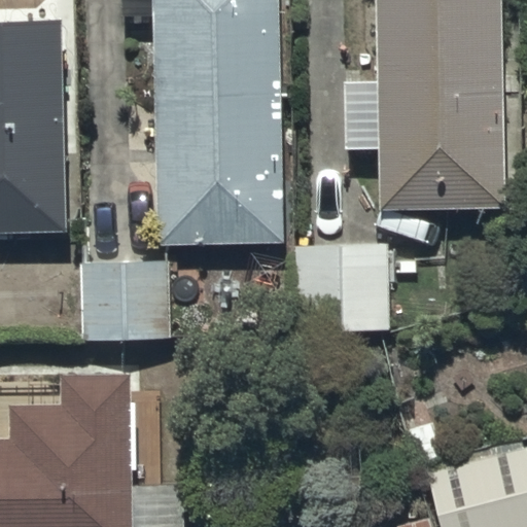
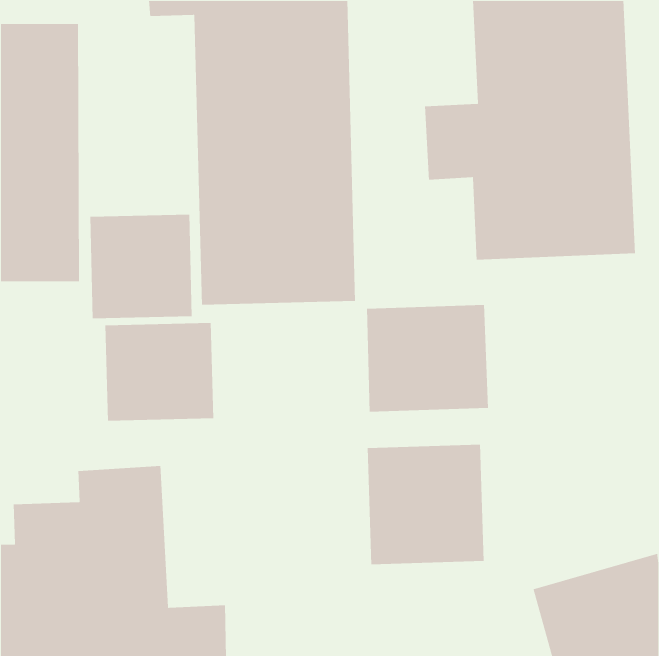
building: none -> [90,214,192,319]
building: none -> [367,444,484,565]

